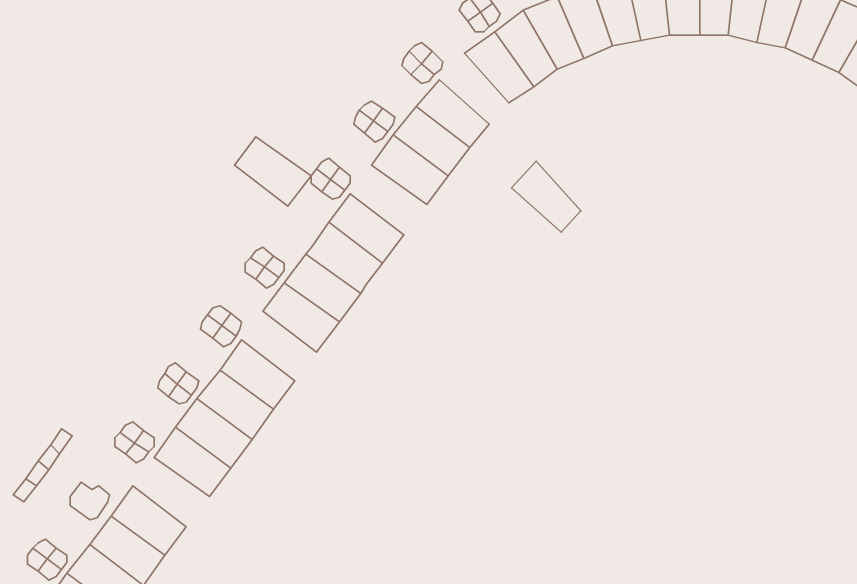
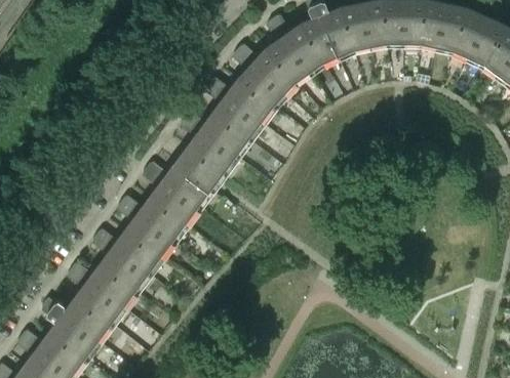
building: [234,137,311,206] -> [202,119,246,159]
building: [511,161,581,232] -> [253,54,293,95]
building: none -> [140,203,183,243]
building: none -> [77,287,121,327]

